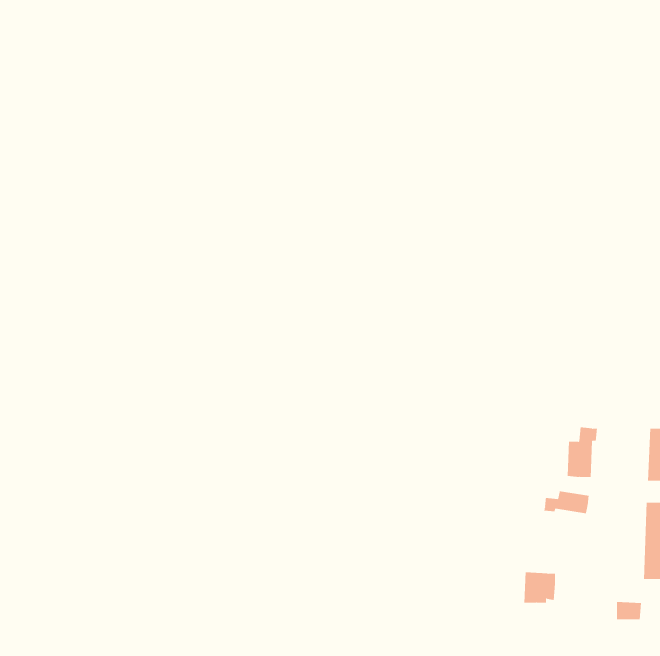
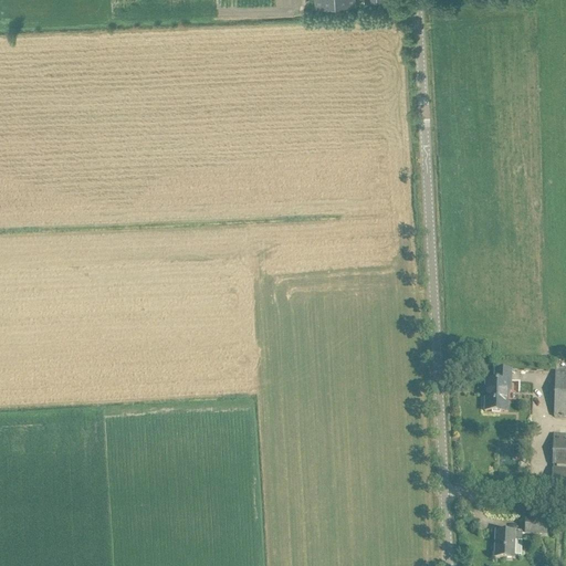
building: [544,490,589,514] -> none
building: [523,572,556,603] -> [495,527,523,554]

